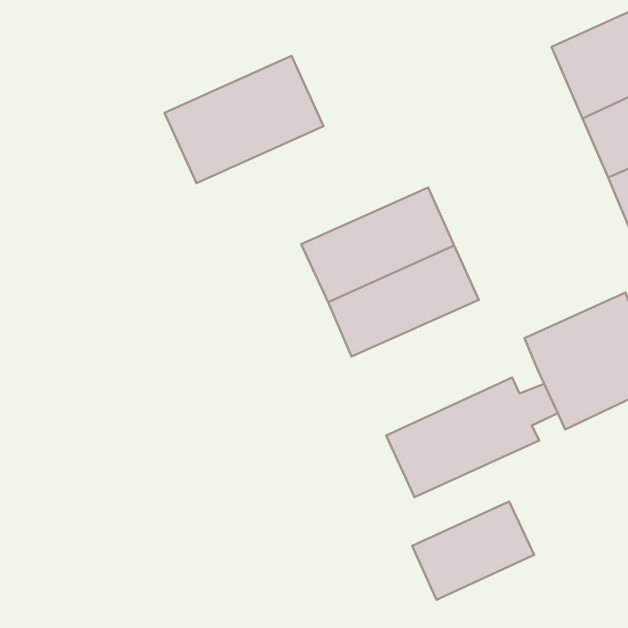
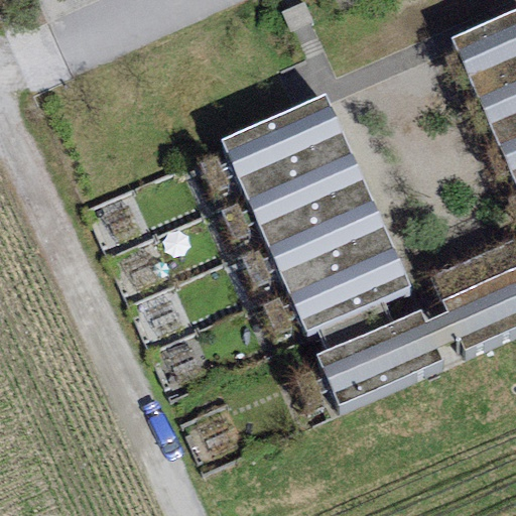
building: [164,56,324,183] -> [222,96,352,200]
building: none -> [289,245,411,332]
building: [412,502,534,600] -> none

